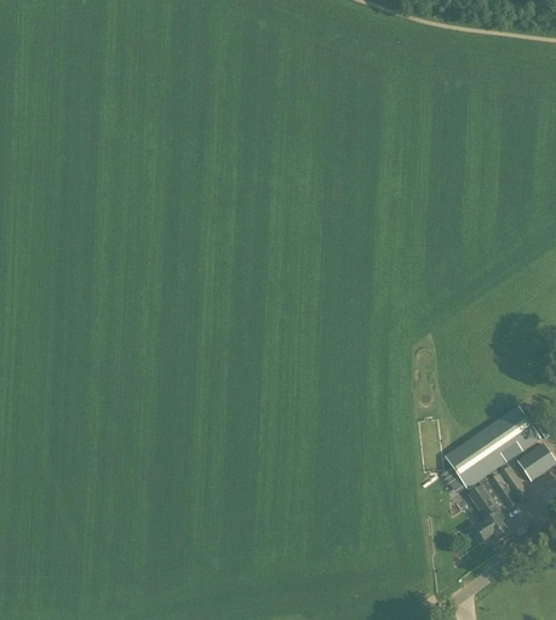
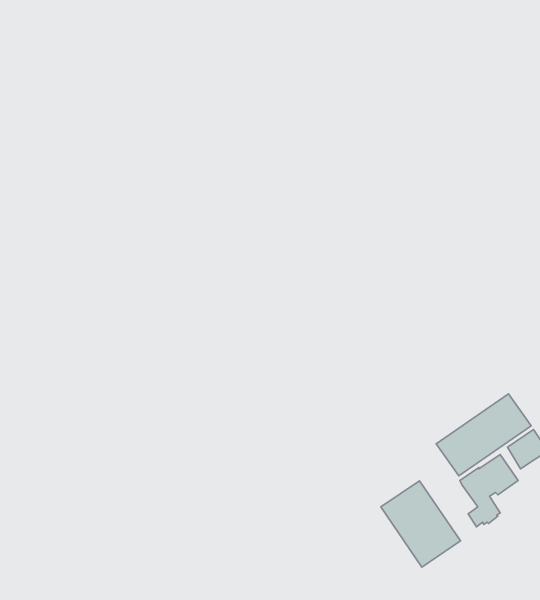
building: none -> [381,481,461,567]

